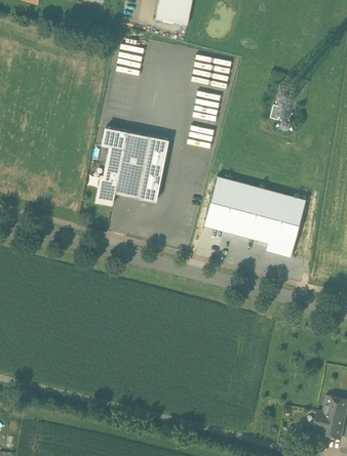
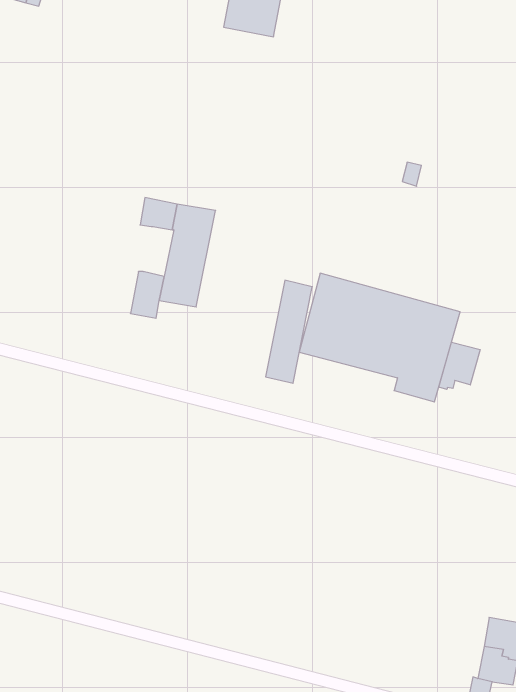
building: [139,135,168,201] -> [266,280,312,383]
building: [105,146,124,177] -> none
building: none -> [439,342,480,389]

